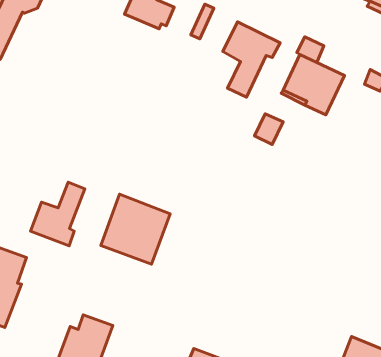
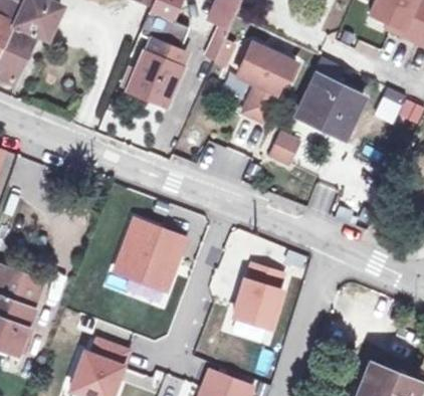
building: none -> [128,41,185,107]
building: [31,182,85,246] -> none
building: none -> [233,264,282,329]

